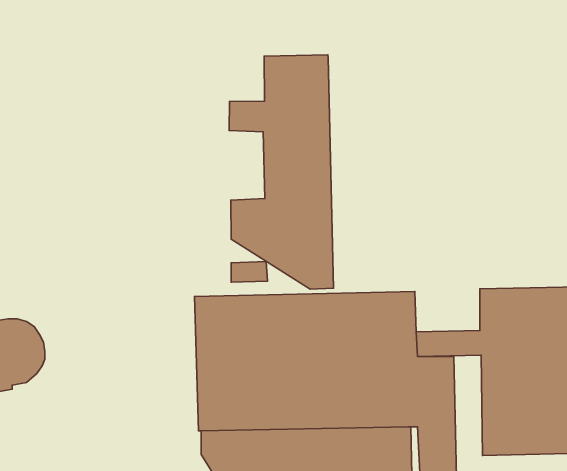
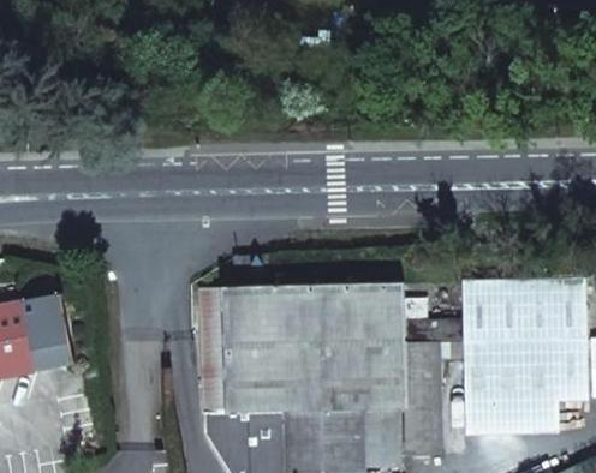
building: [229,55,333,289] -> none

